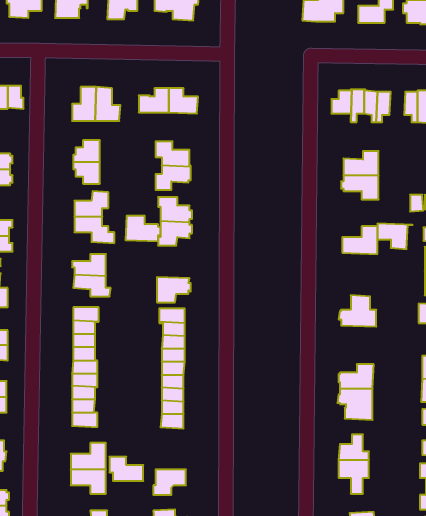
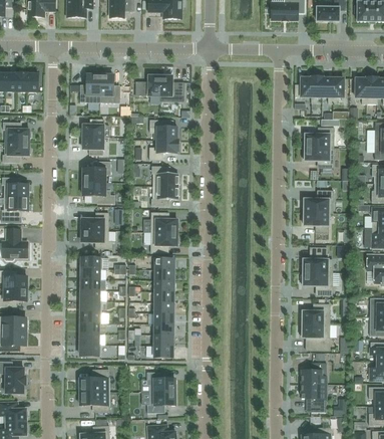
building: [125,216,160,241] -> [150,212,179,233]
building: [377,224,413,249] -> [304,212,333,233]
building: none -> [301,272,332,295]
building: [109,457,143,481] -> [146,372,174,392]

